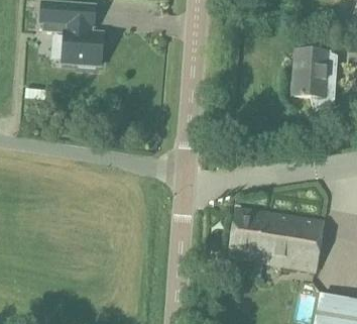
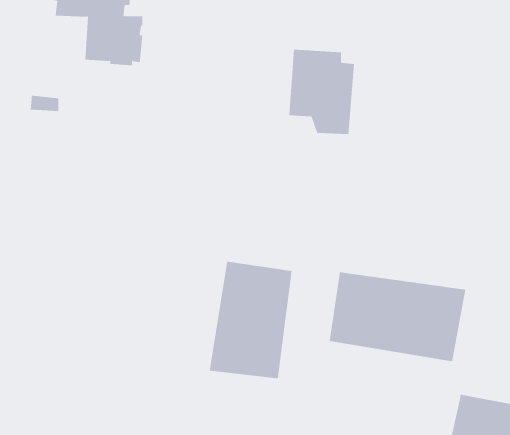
building: [292,49,338,108] -> [289,49,355,135]
building: none -> [209,261,292,379]

